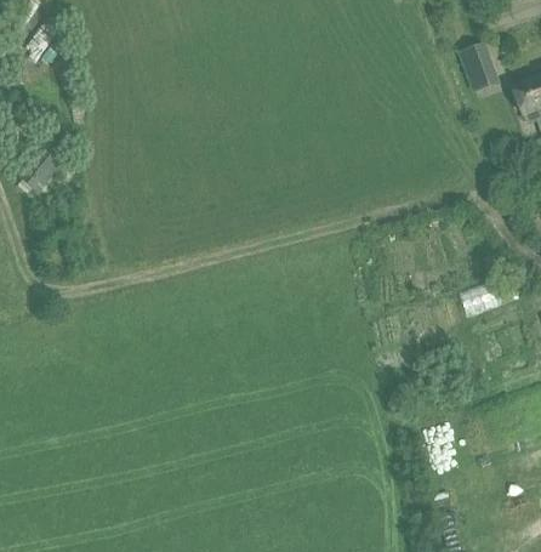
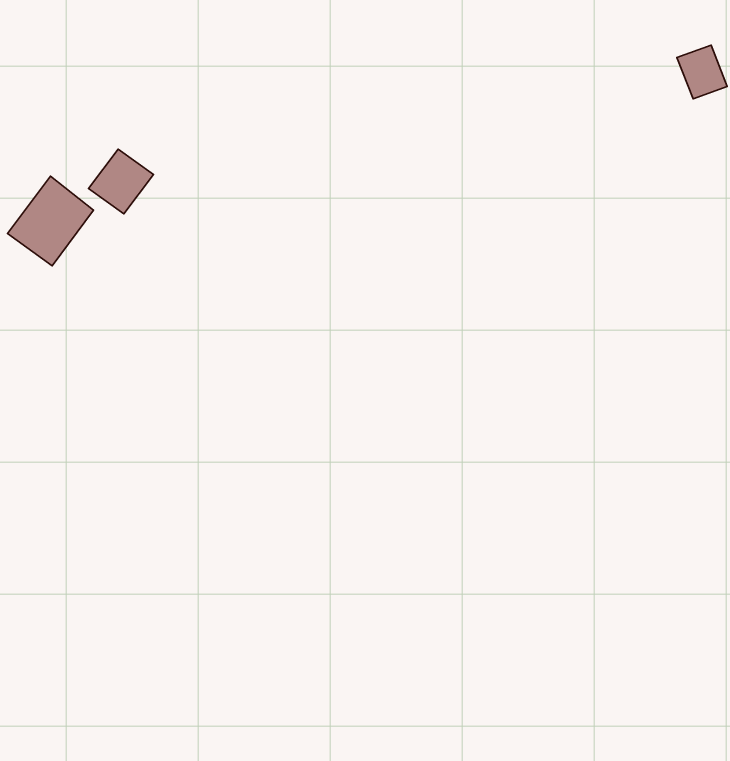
building: none -> [89,149,153,214]

